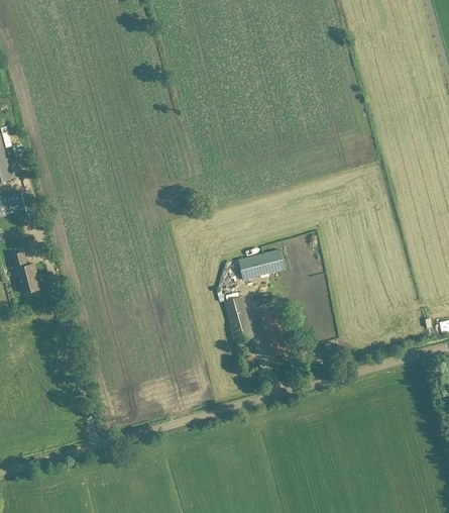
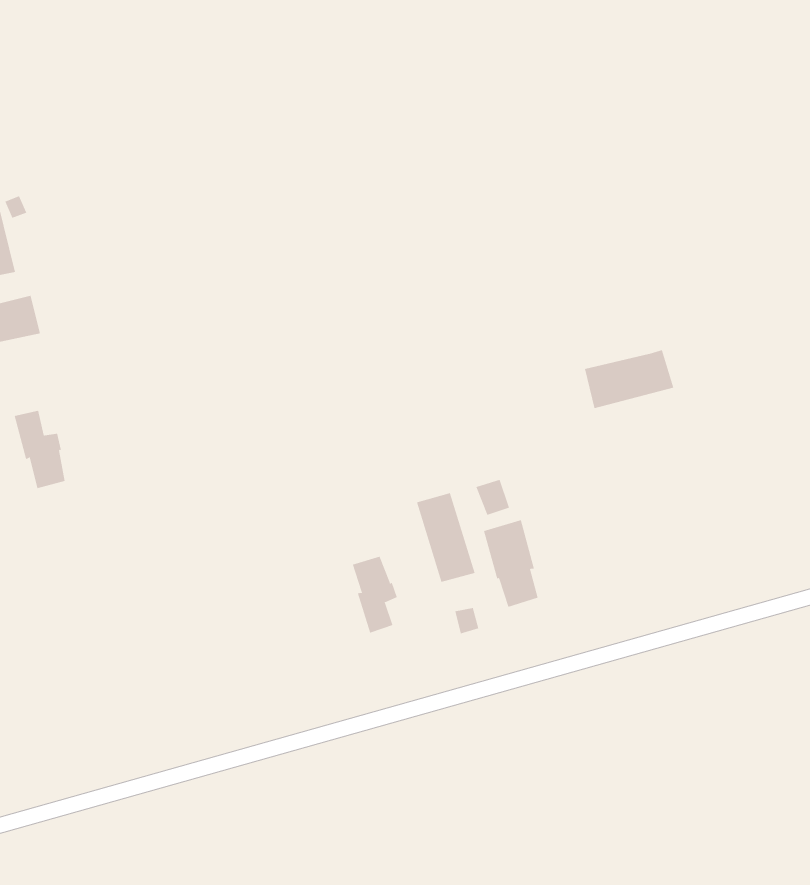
building: [238,248,286,280] -> [584,350,674,409]
building: none -> [352,556,397,633]

